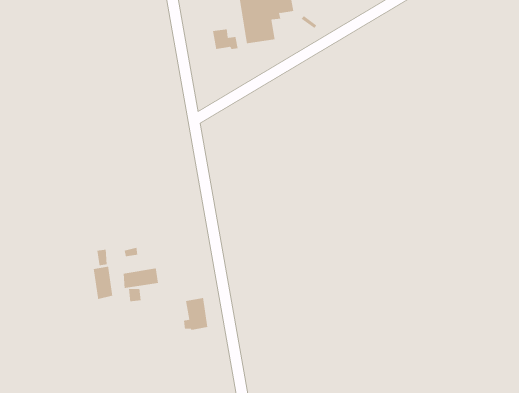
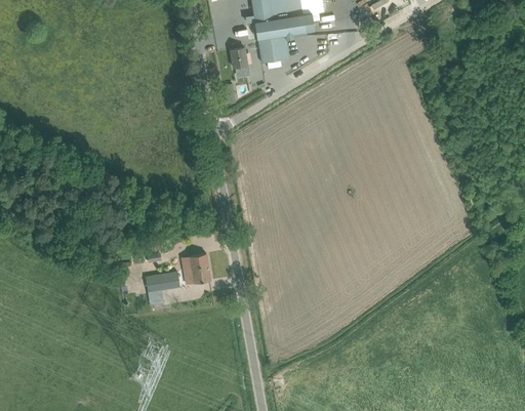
building: [93,266,113,300] -> none
building: [183,298,208,330] -> [187,253,210,284]

